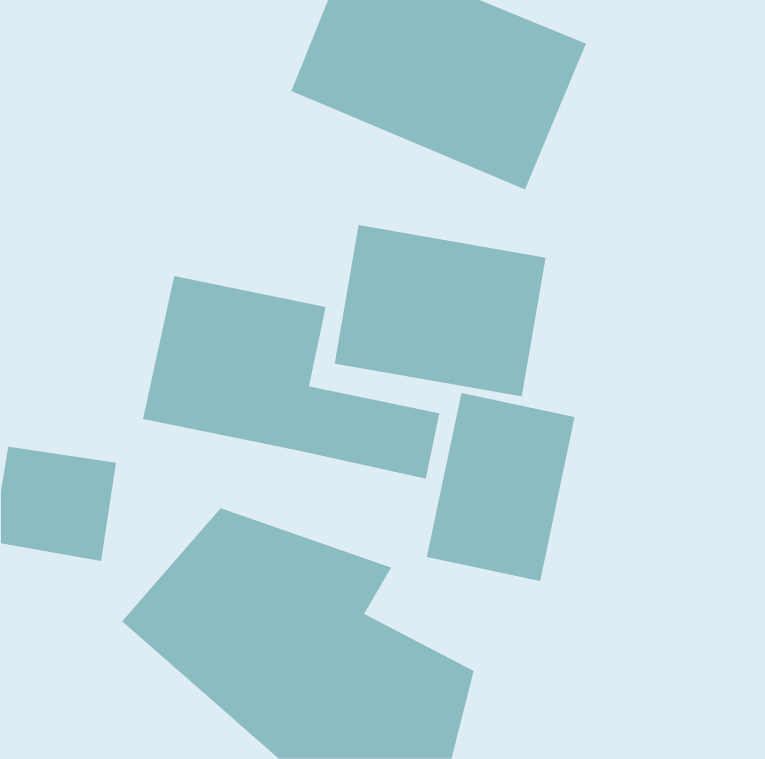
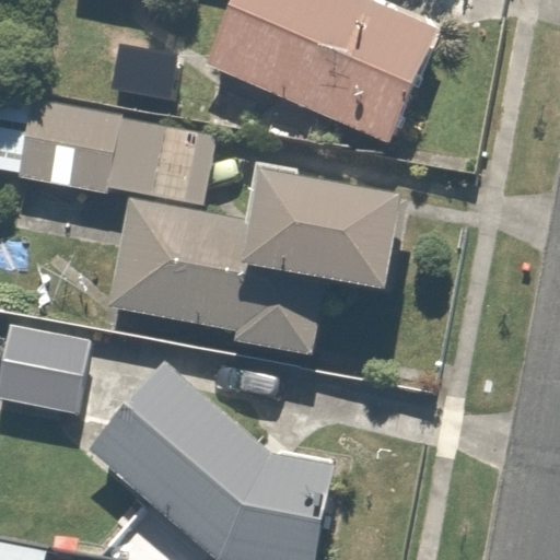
building: none -> [16,104,199,199]
building: [426,392,575,582] -> none

